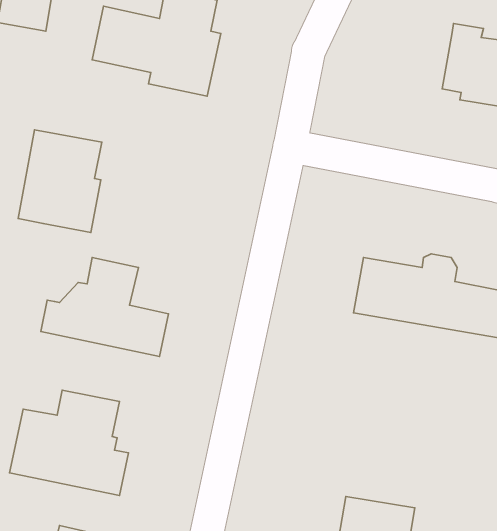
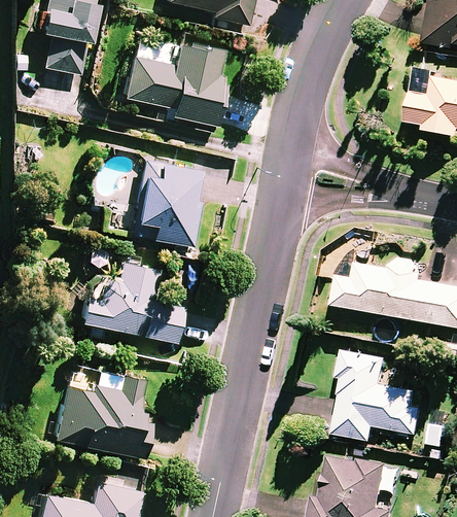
building: [18,130,102,232] -> [133,162,202,246]
building: none -> [337,354,422,441]

